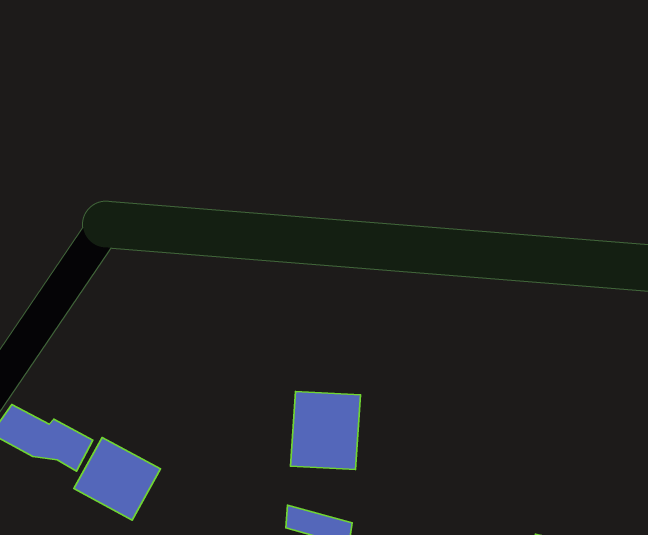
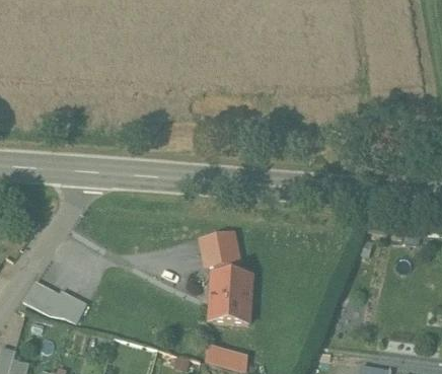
building: none -> [201,233,238,267]
building: [74,437,161,520] -> none

